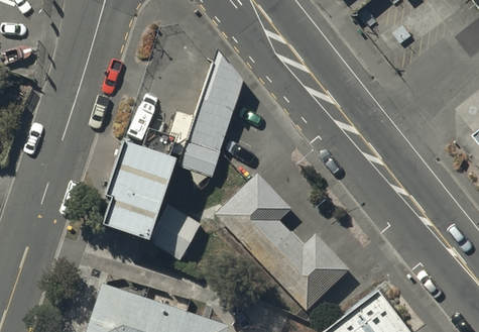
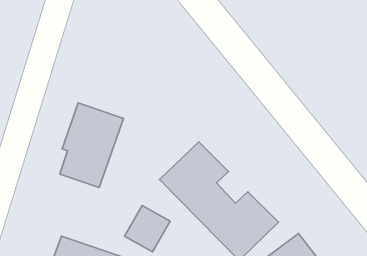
building: [182,52,243,176] -> none
building: [148,206,201,259] -> [125,206,170,252]

